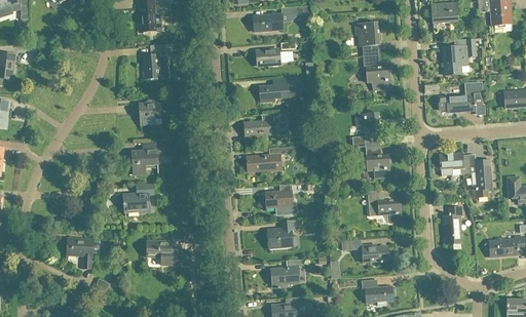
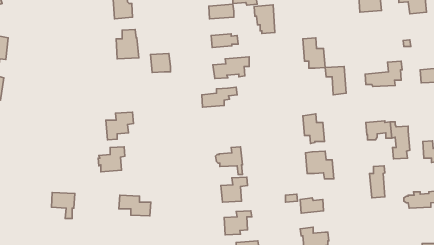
building: [355,22,380,55] -> [254,5,275,33]
building: [443,38,477,75] -> none
building: [138,103,161,125] -> [151,54,170,73]
building: [355,113,380,147] -> [325,66,346,95]
building: [247,147,291,171] -> none

